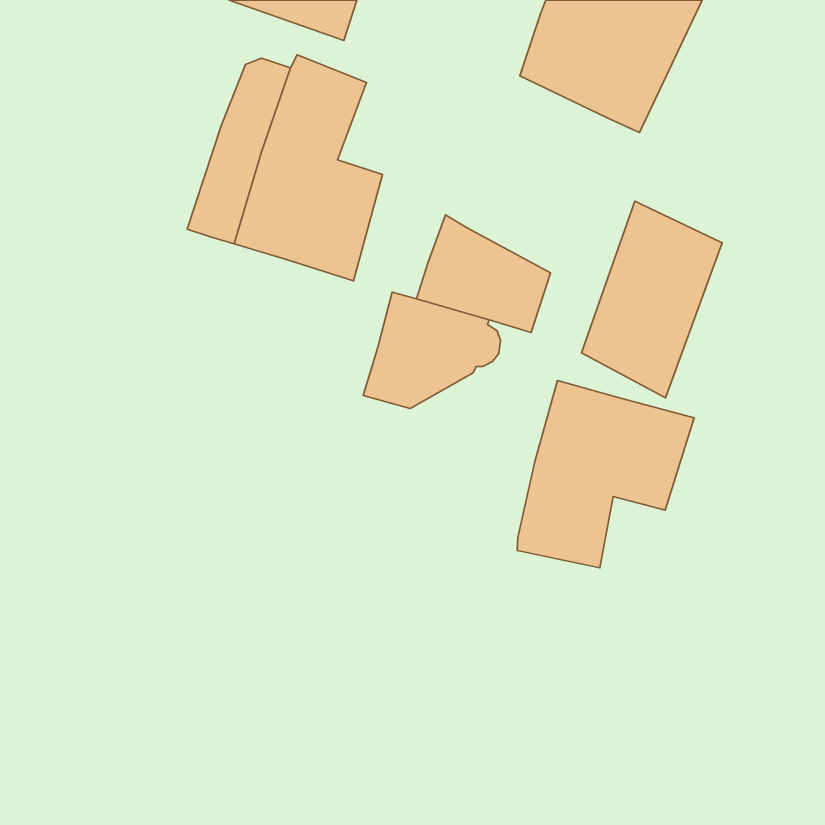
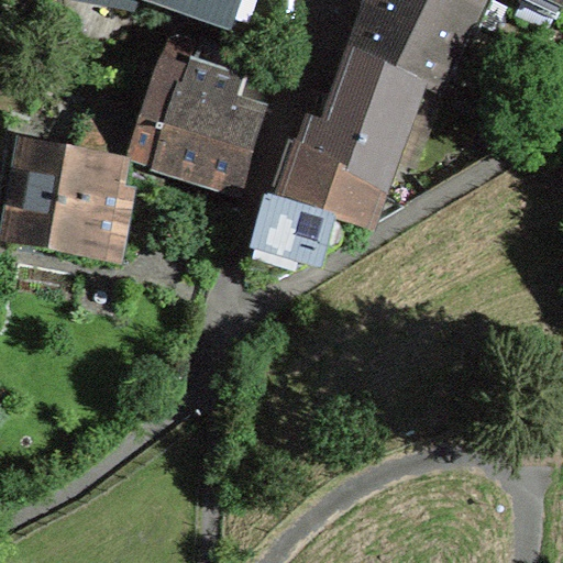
building: [582,201,722,398] -> [318,52,413,186]
building: none -> [8,142,128,260]
building: [517,381,694,568] -> none

